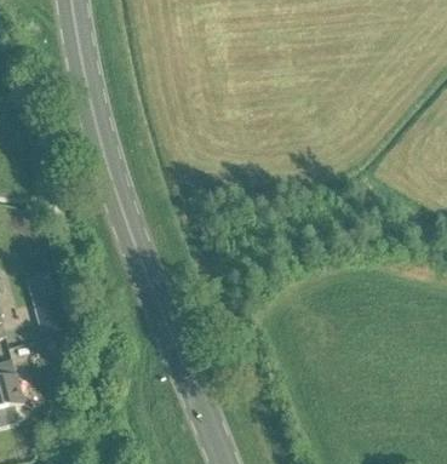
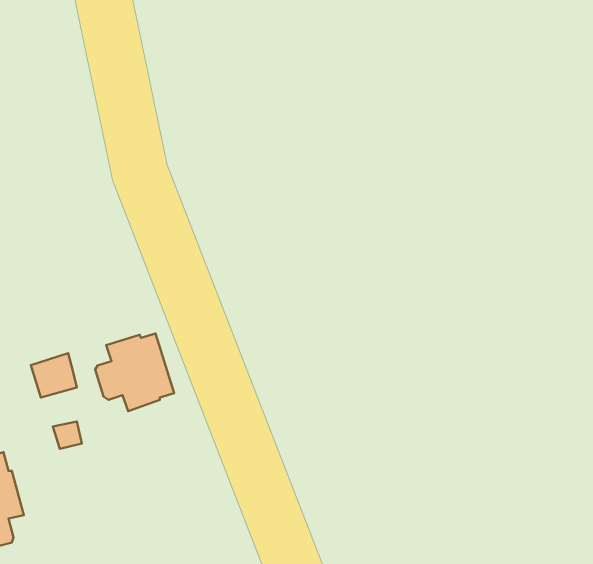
building: none -> [95,333,174,411]

